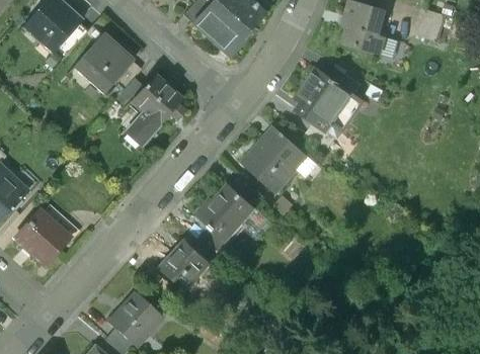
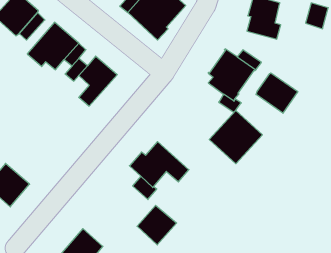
building: none -> [256,73,298,113]
building: [242,125,309,192] -> [209,111,262,164]
building: [160,241,210,290] -> [137,205,177,245]

